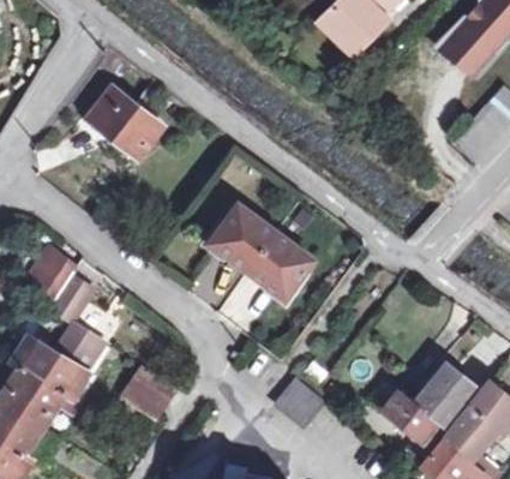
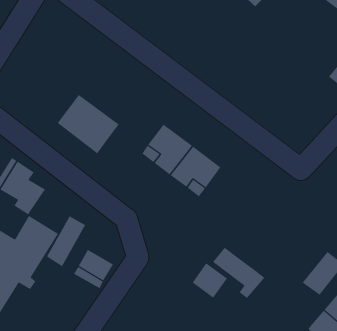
building: [88,82,167,157] -> [57,94,119,154]
building: none -> [46,215,86,267]
building: [382,390,449,456] -> [212,247,265,299]

